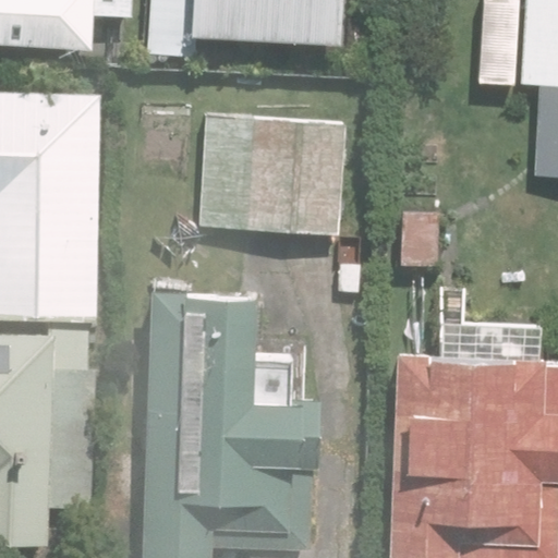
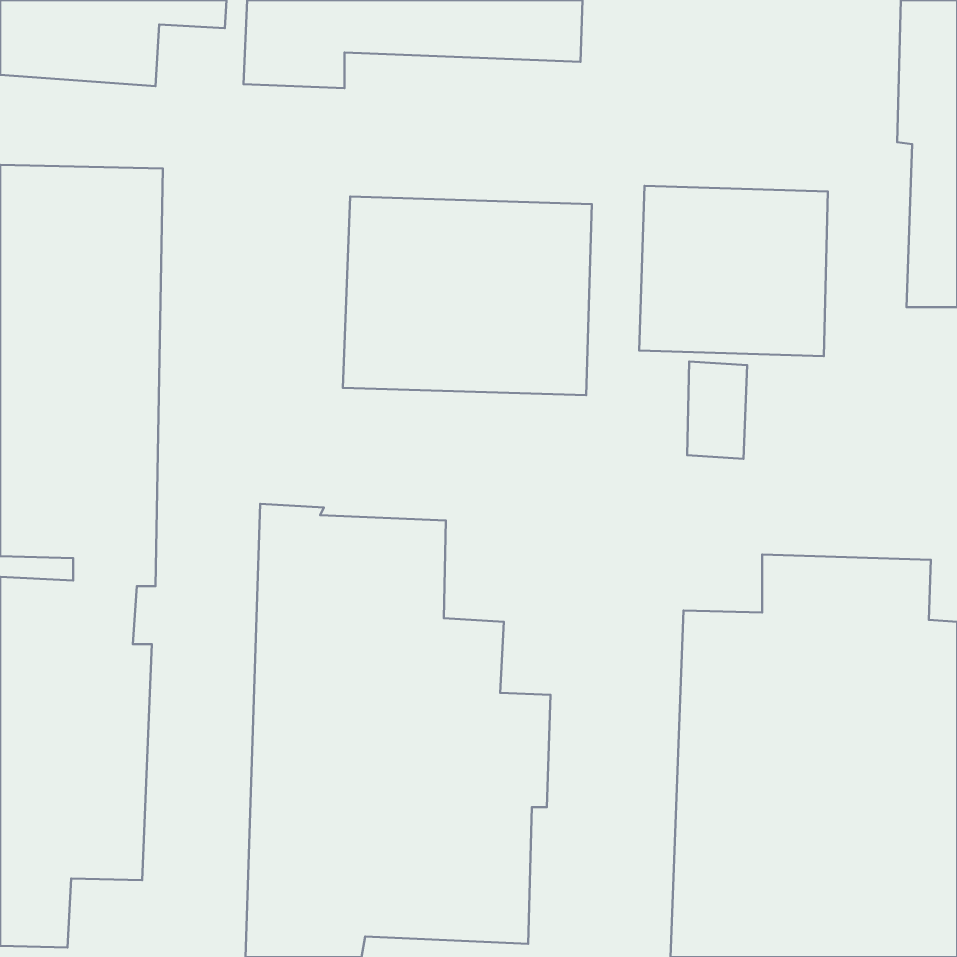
building: none -> [639,186,828,356]

